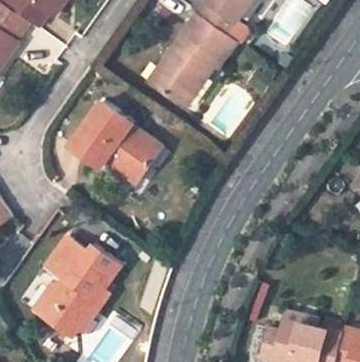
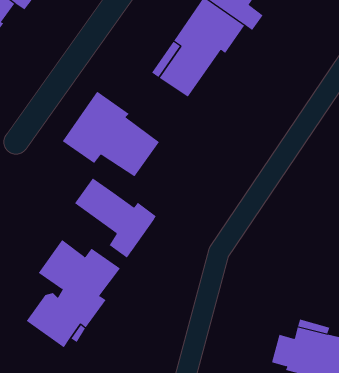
building: none -> [74,177,157,258]

